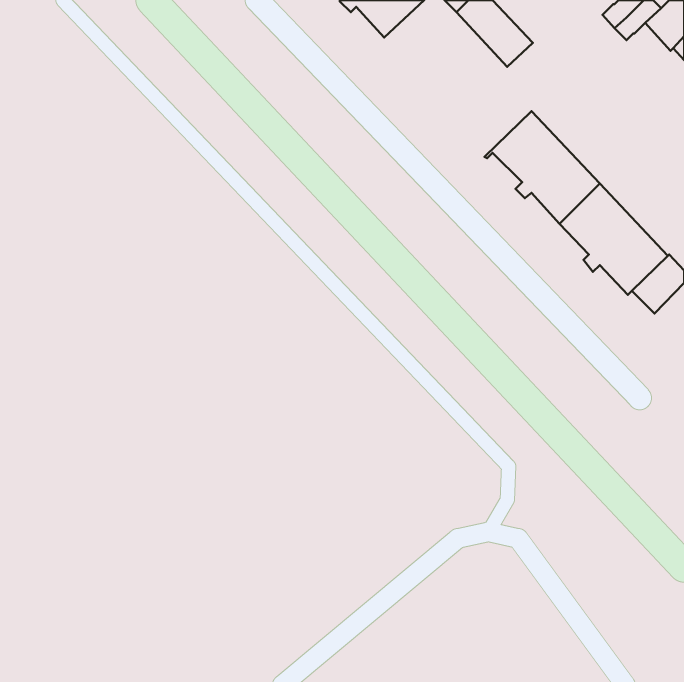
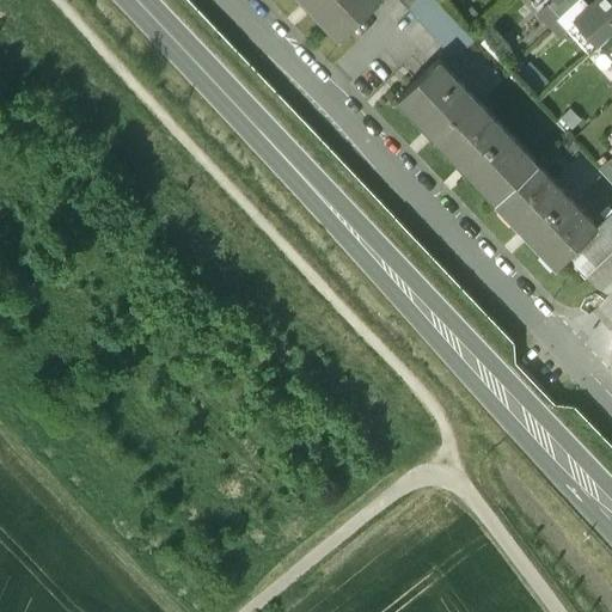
building: none -> [402,63,475,142]

